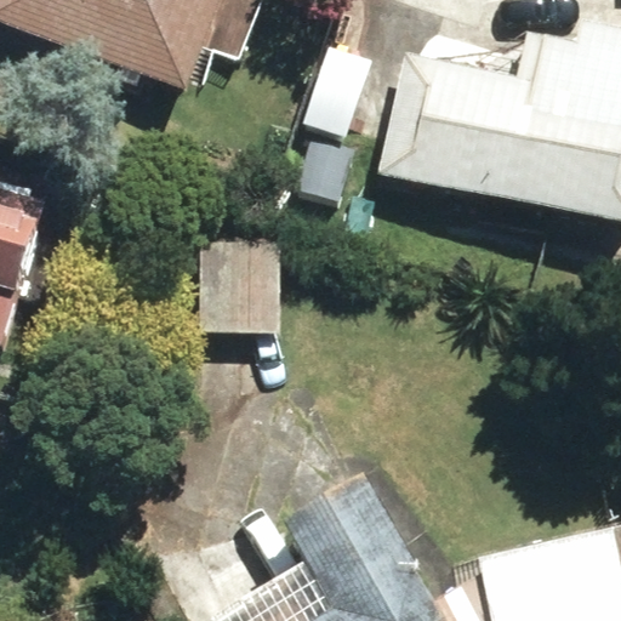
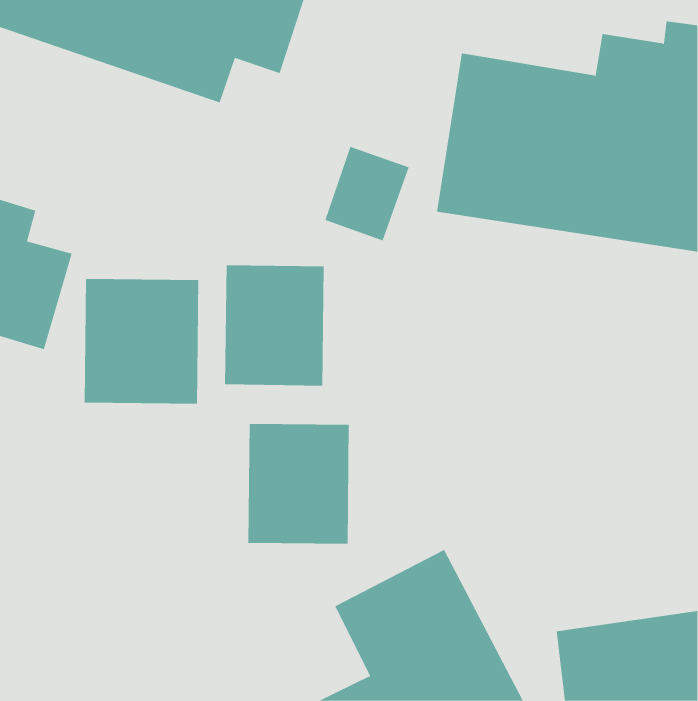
building: none -> [84,278,199,405]
building: none -> [248,423,349,545]

